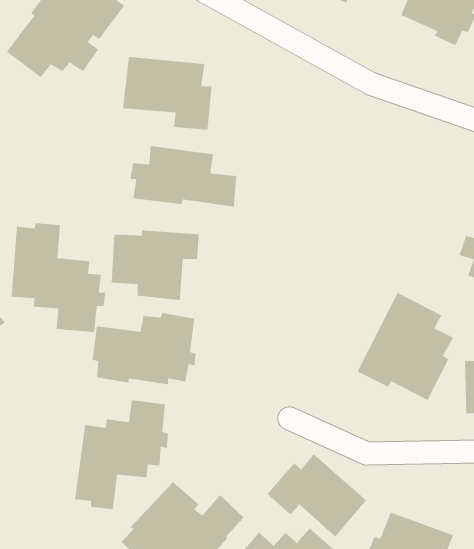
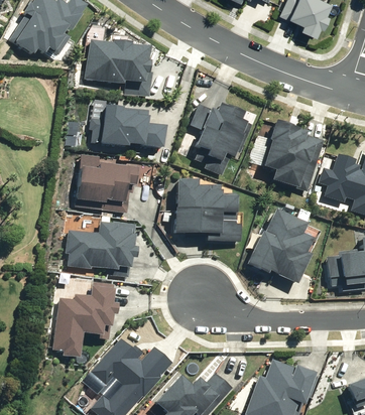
building: none -> [189,103,253,175]
building: none -> [262,118,323,191]
building: [11,222,106,333] -> none
building: none -> [175,178,237,241]
building: [267,453,367,537] -> none

